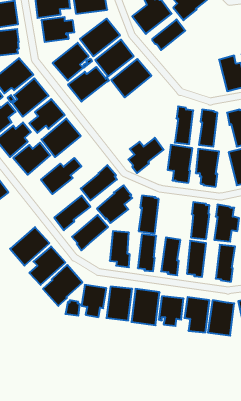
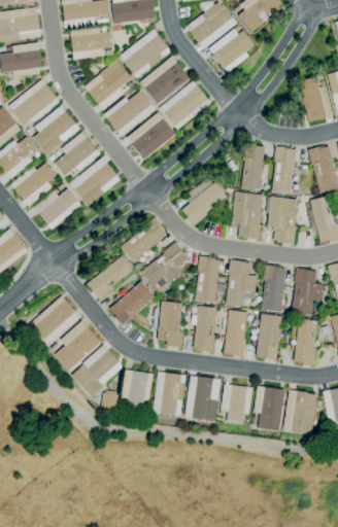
building: none -> [127,112,175,159]
building: [41,158,81,194] -> none
building: none -> [226,259,258,307]

